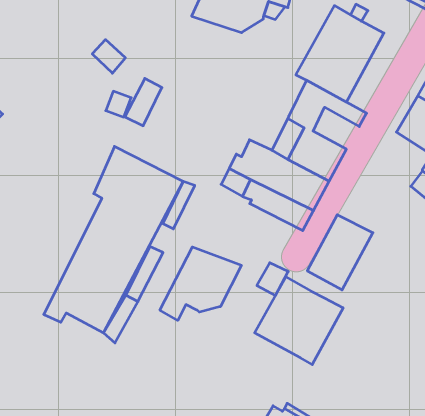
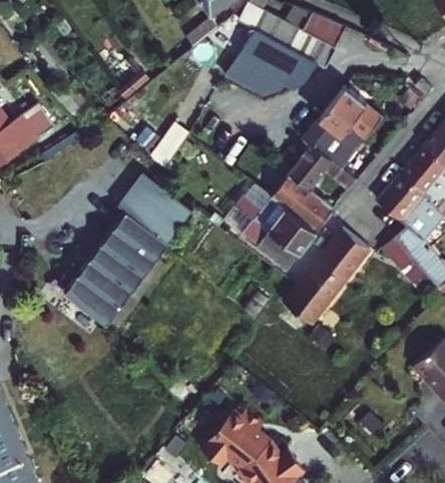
building: none -> [317,228,369,282]
building: [160,247,241,320] -> none
building: [255,277,343,365] -> none

